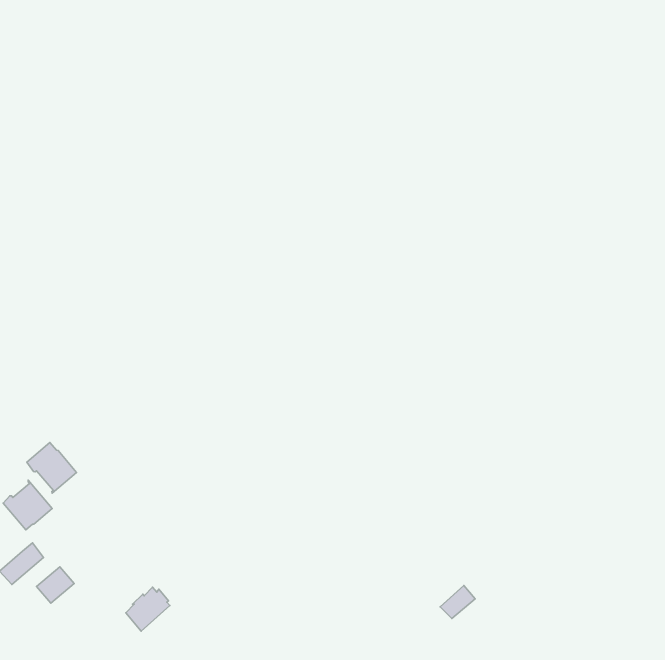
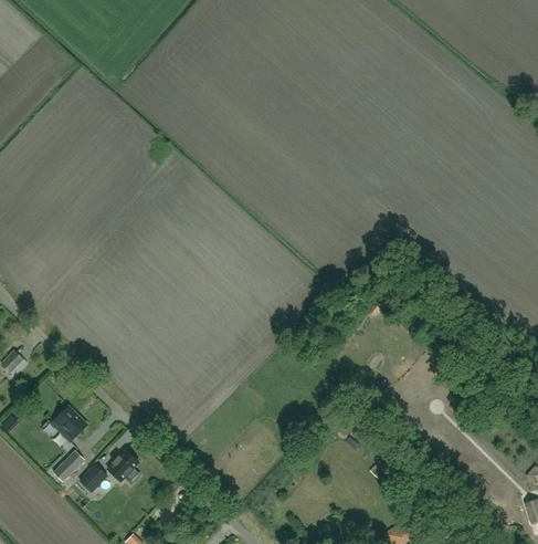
building: [27,442,77,493] -> none
building: [126,587,170,631] -> [106,450,137,482]

